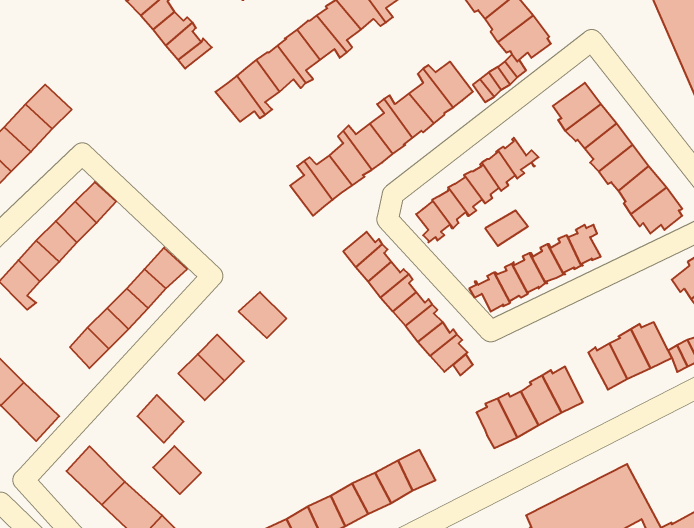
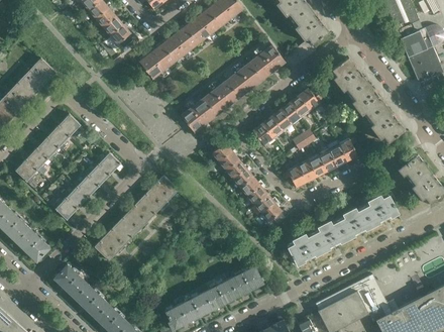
building: none -> [139,188,168,216]
building: none -> [337,211,361,239]
building: [153,446,201,494] -> [105,223,132,250]

